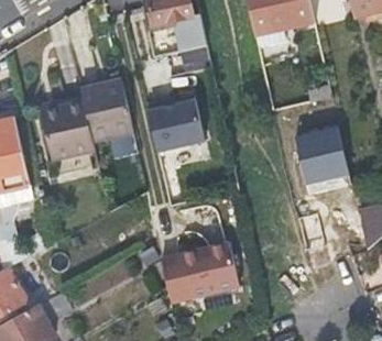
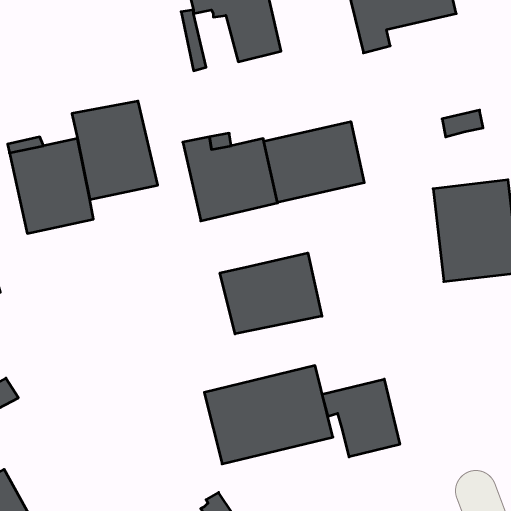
building: none -> [264,122,364,203]
building: none -> [220,253,322,334]
building: none -> [322,379,400,457]

